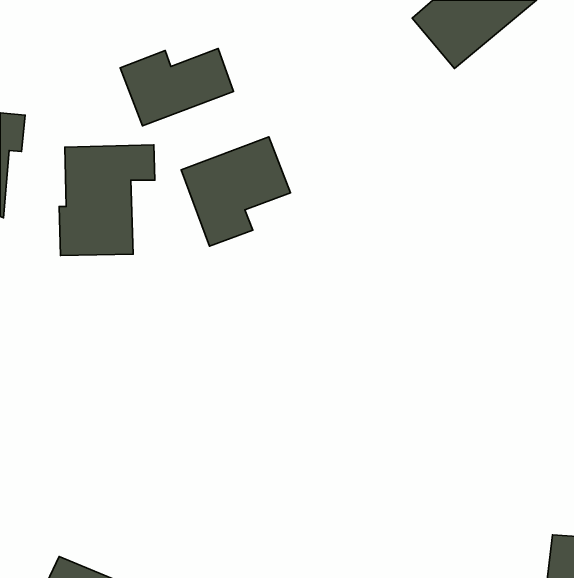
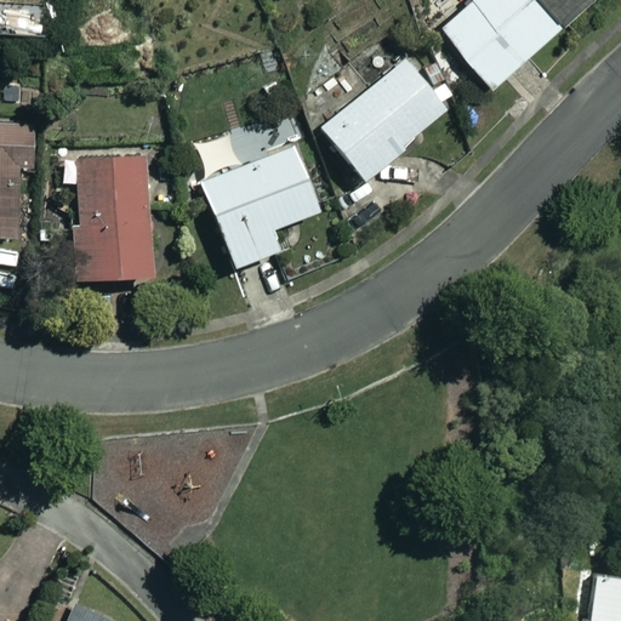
building: [120,49,234,126] -> none
building: none -> [321,63,446,181]

